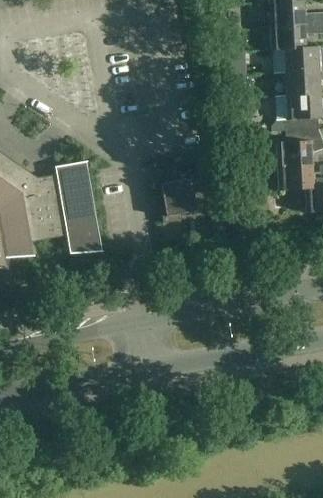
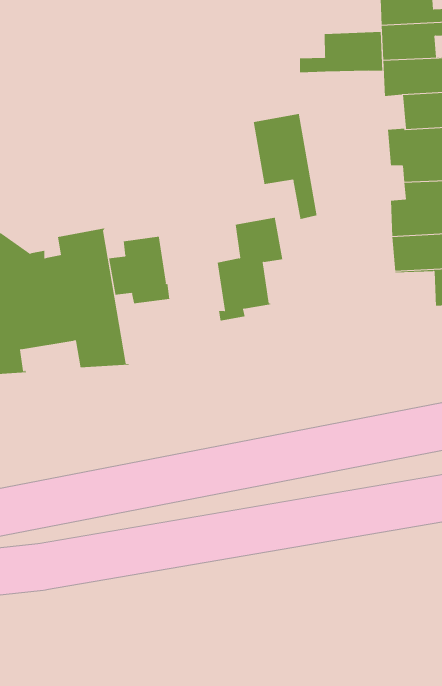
building: none -> [299,31,383,73]
building: none -> [253,113,317,220]
building: none -> [108,236,170,304]

